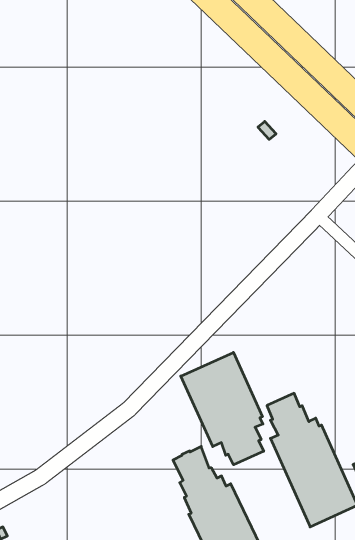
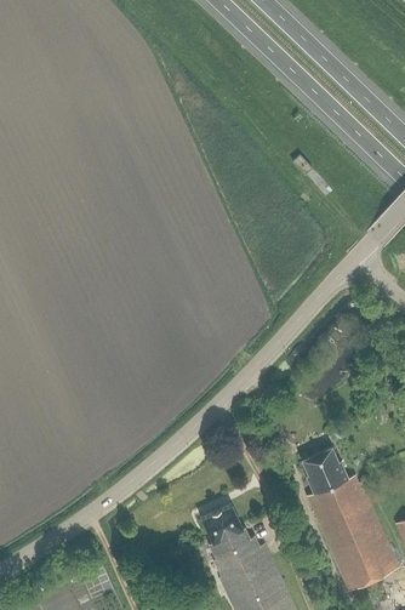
building: [181,352,264,465] -> none

